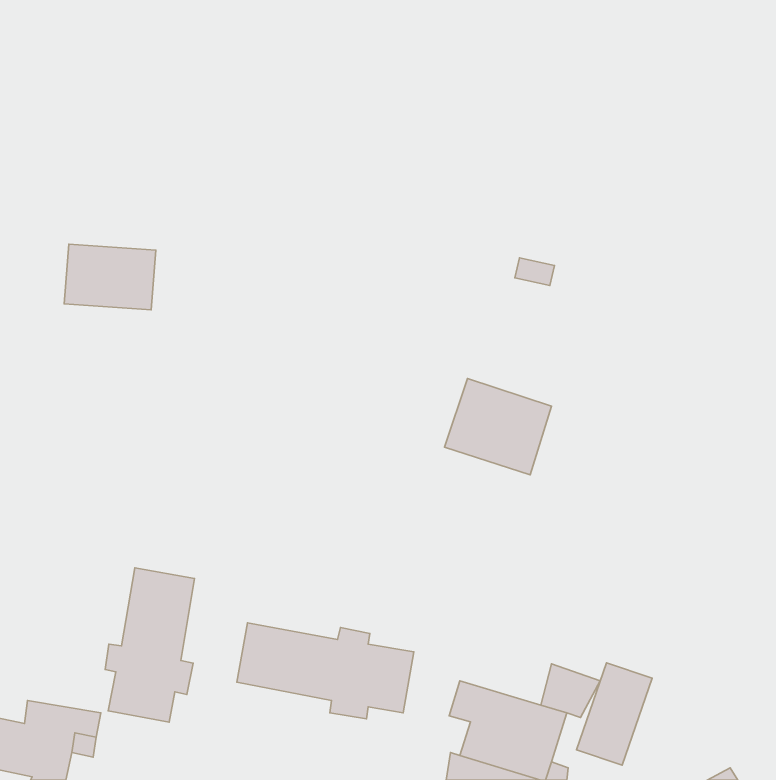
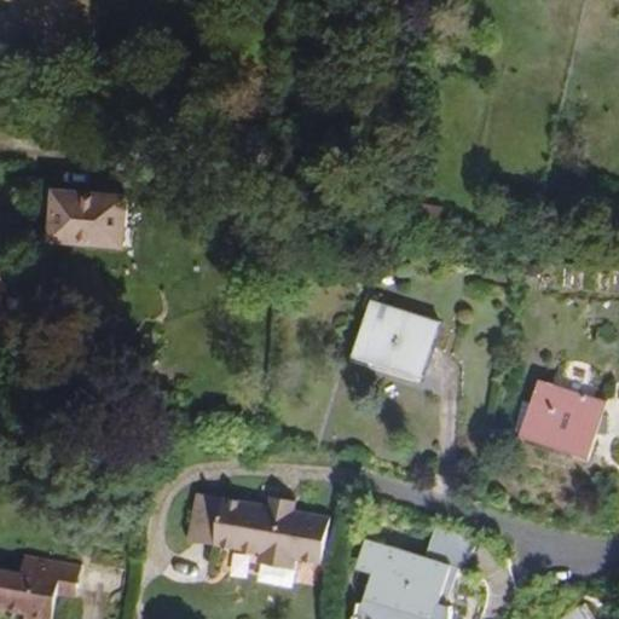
building: none -> [520,380,608,456]
building: [105,568,194,722] -> none
building: [577,663,652,765] -> none

